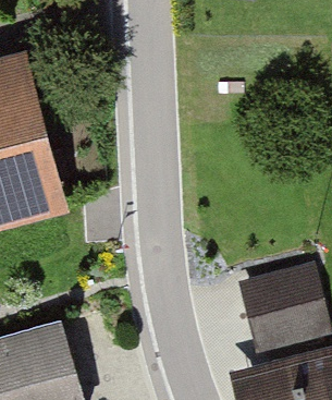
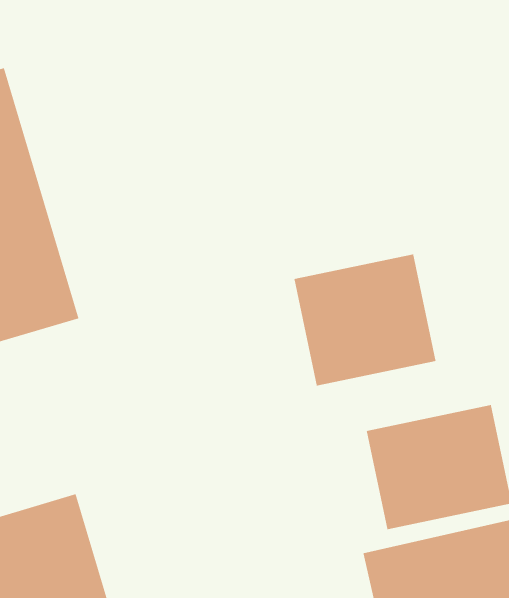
building: none -> [293,253,436,386]

